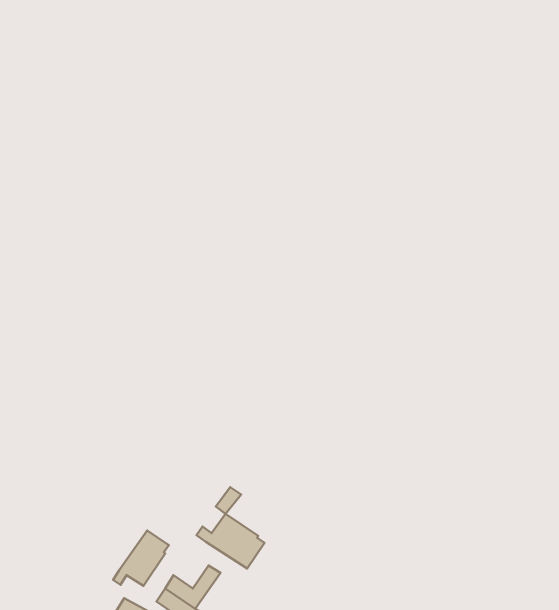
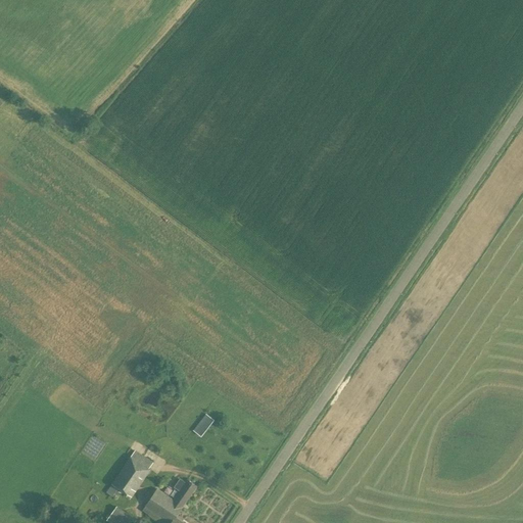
building: [197,514,265,568] -> none

